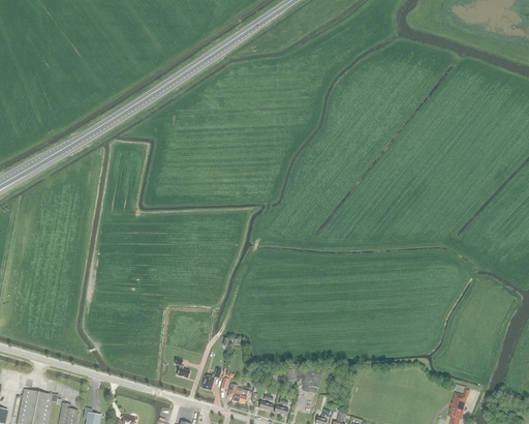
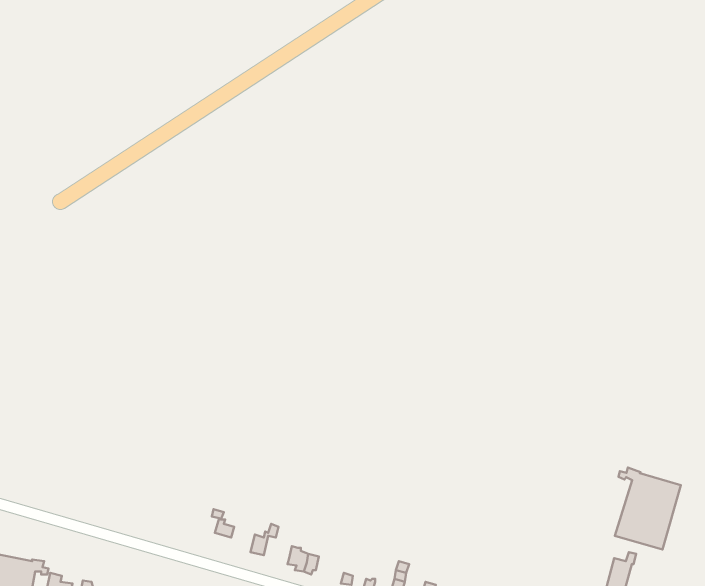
building: none -> [615,468,681,549]

